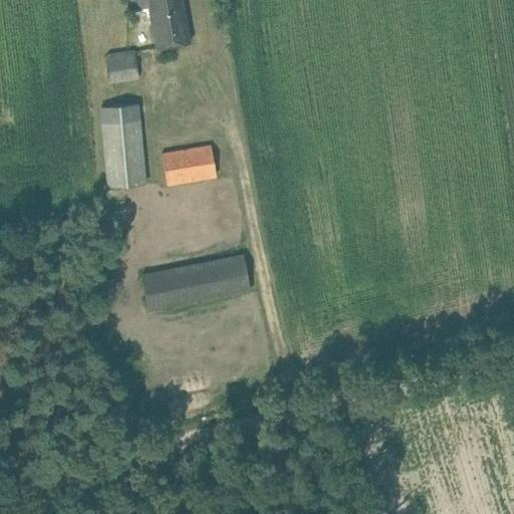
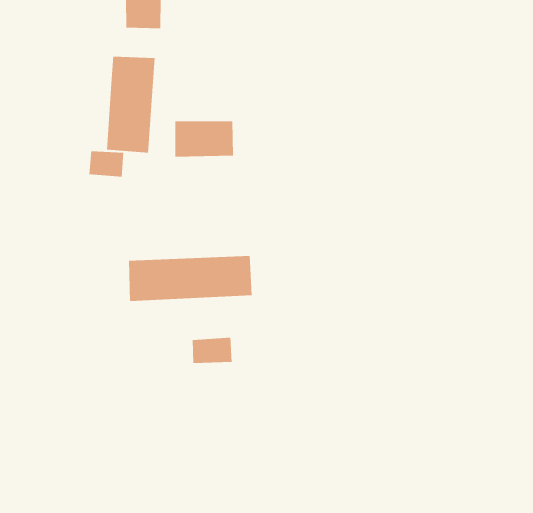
building: none -> [89,150,124,178]
building: none -> [192,337,232,364]

